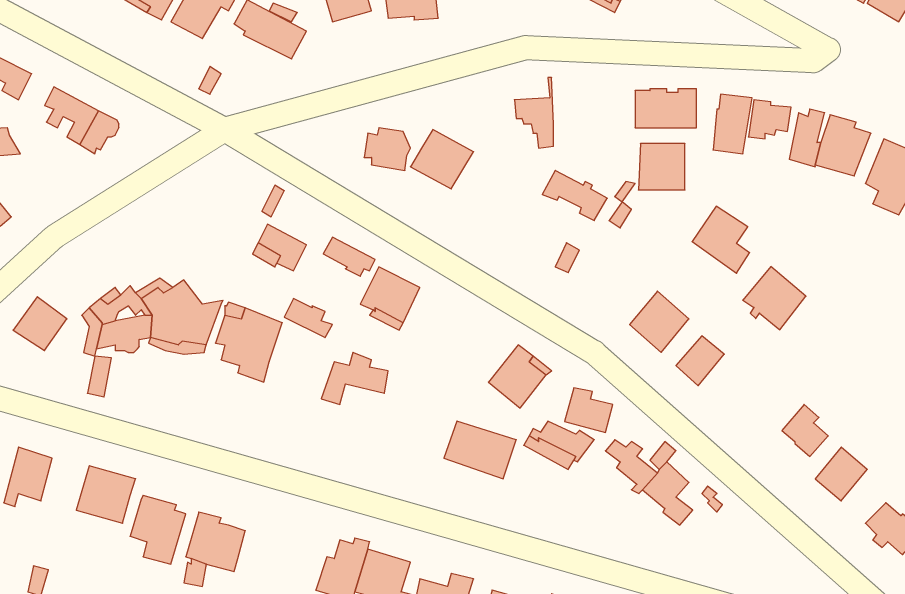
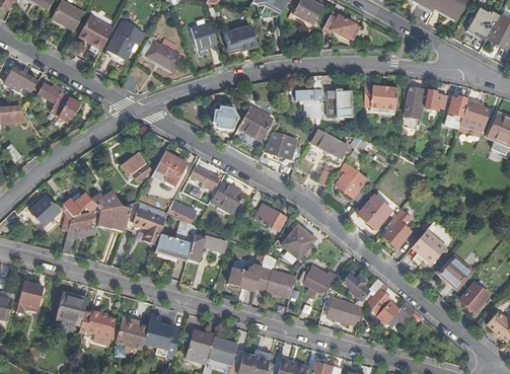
building: [638,144,685,190] -> [326,91,352,117]
building: none -> [265,133,303,169]
building: [692,206,750,273] -> [335,166,366,203]
building: none -> [121,152,150,180]
building: [743,267,806,330] -> [411,229,445,264]
building: none -> [256,204,286,230]
building: none -> [157,222,199,257]
building: [565,388,613,432] -> [327,297,354,321]
building: none -> [229,264,264,291]
building: none -> [144,312,181,357]

